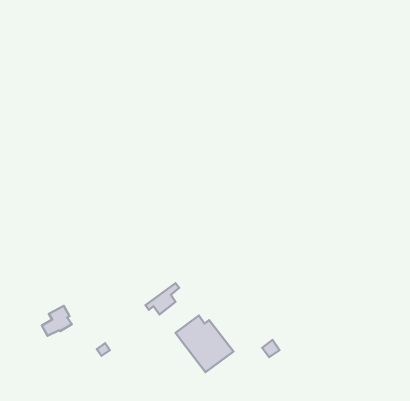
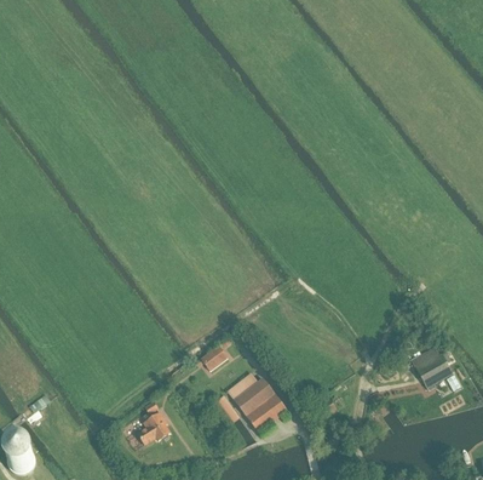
building: none -> [414,352,452,387]
building: [42,306,72,336] -> [137,412,168,444]

